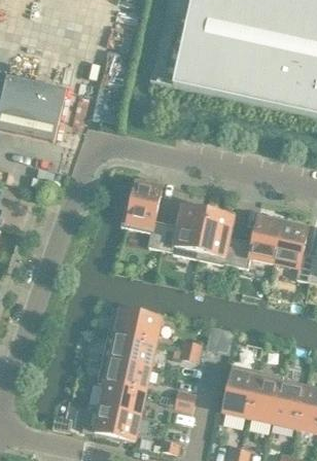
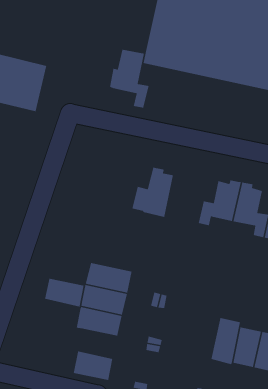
building: [120,180,166,247] -> [109,49,149,108]
building: [197,208,240,263] -> none
building: [222,363,258,416] -> none
building: [99,382,144,415] -> [44,278,85,307]

